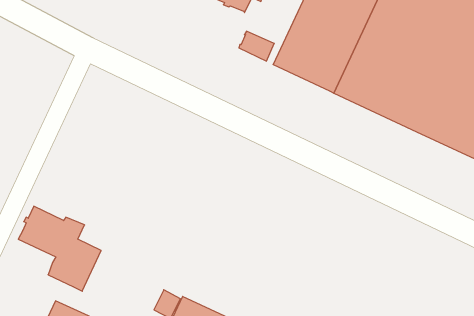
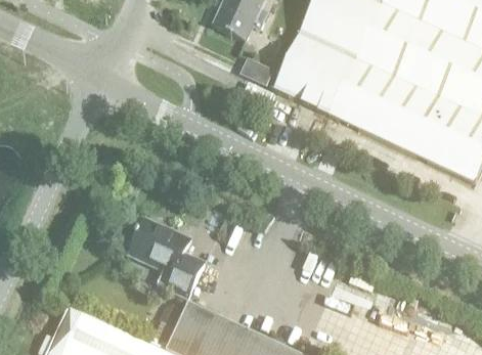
building: [18,206,101,291] -> [131,220,208,299]

